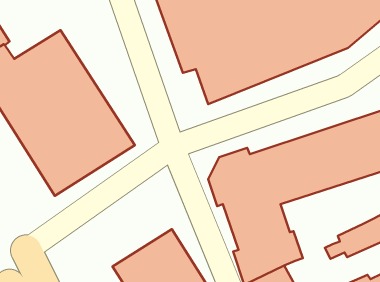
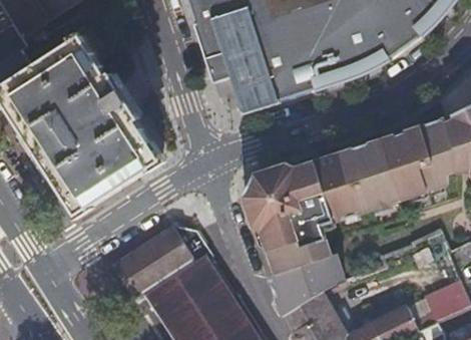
building: none -> [111,223,206,301]

